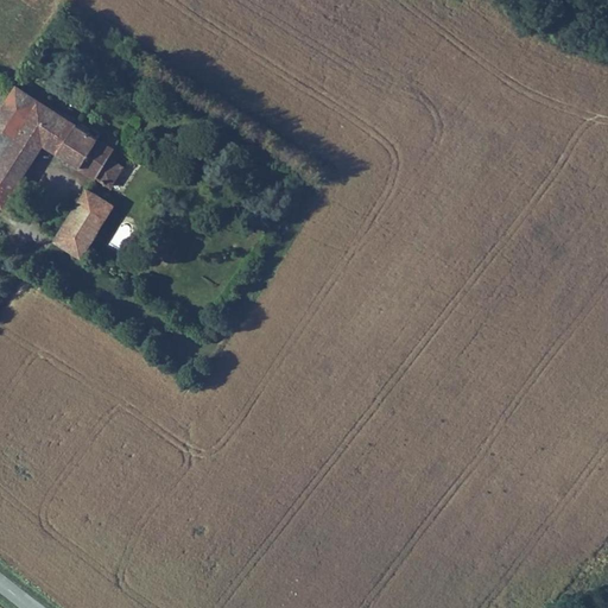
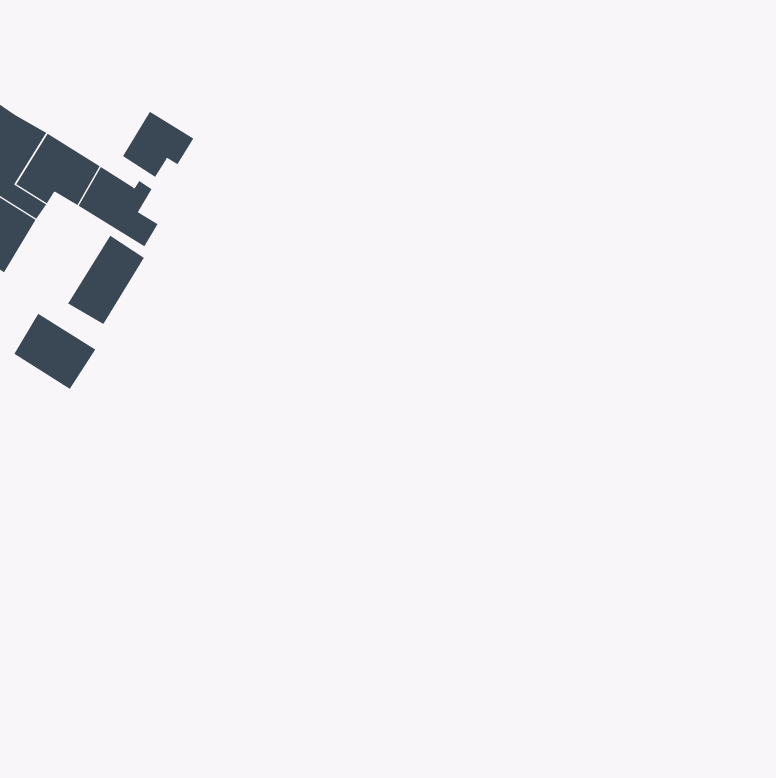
building: none -> [122,111,194,178]
building: none -> [13,313,96,390]

